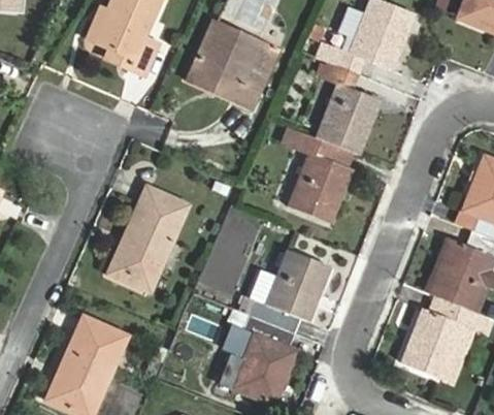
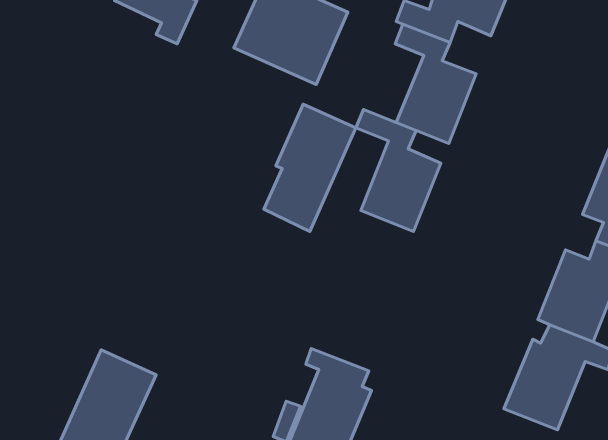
building: [116,186,188,286] -> [264,104,356,232]
building: [242,250,328,332] -> none

